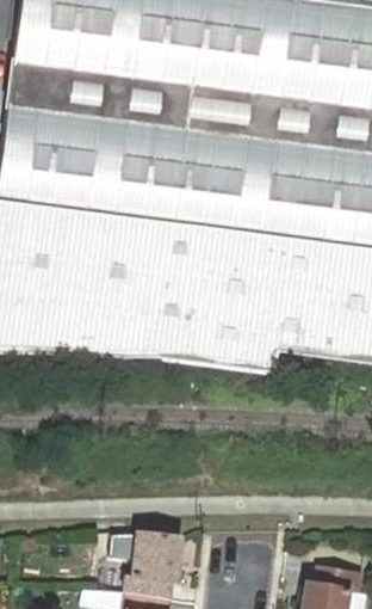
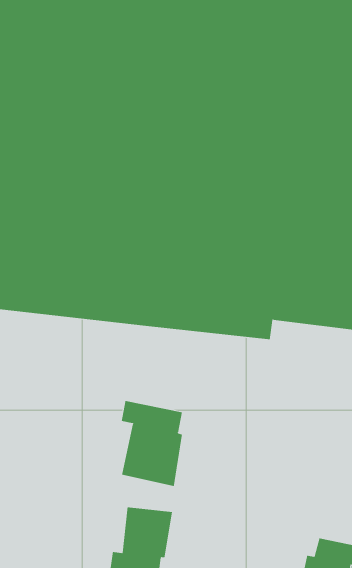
building: none -> [121,400,183,487]

